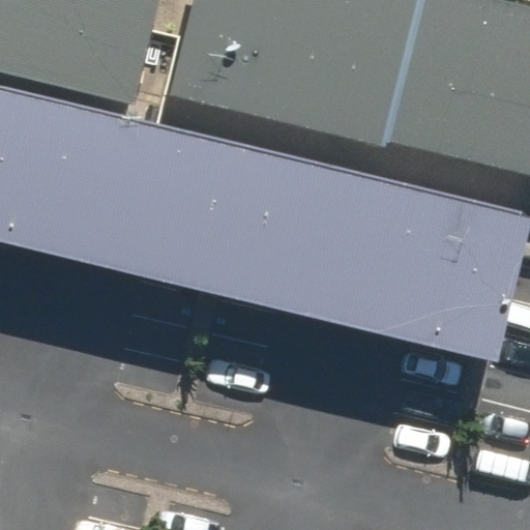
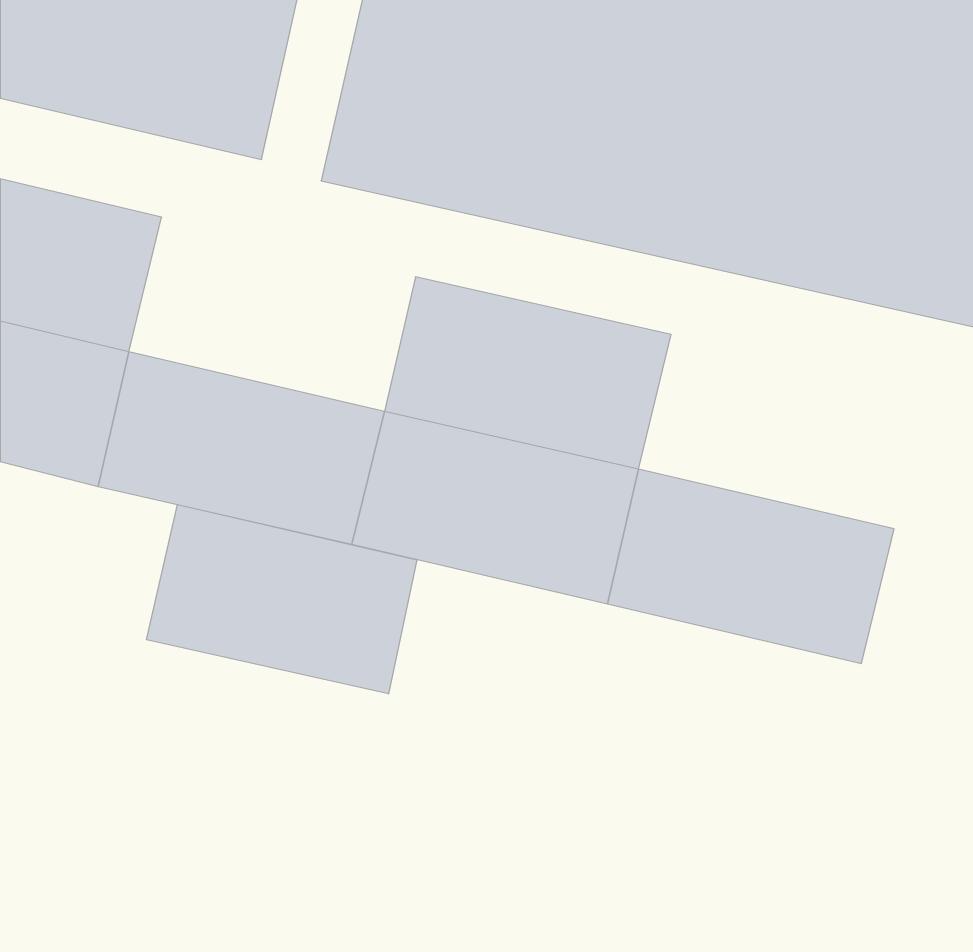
building: [75,117,229,222] -> none
building: [349,180,503,285] -> none
building: none -> [147,505,417,694]

